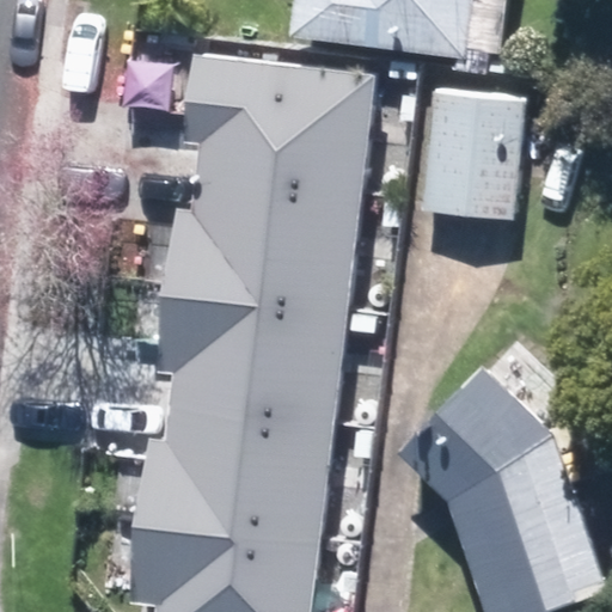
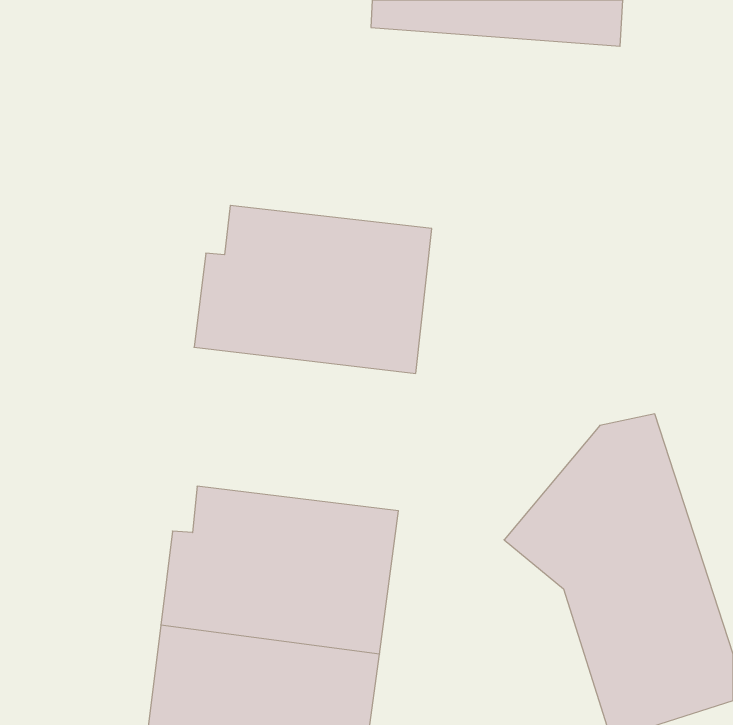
building: [177,65,369,201] -> none
building: [435,91,534,218] -> none
building: [151,299,343,434] -> none

